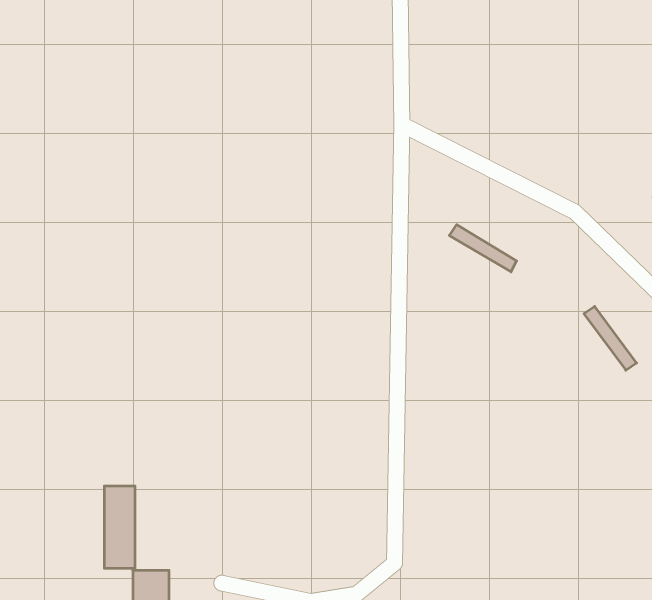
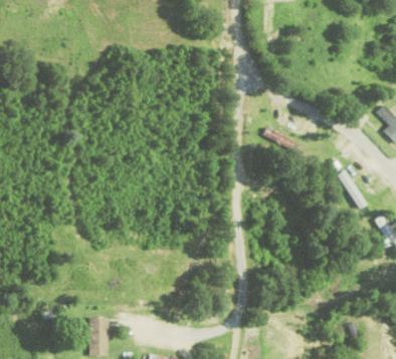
building: [104,486,135,568] -> none

